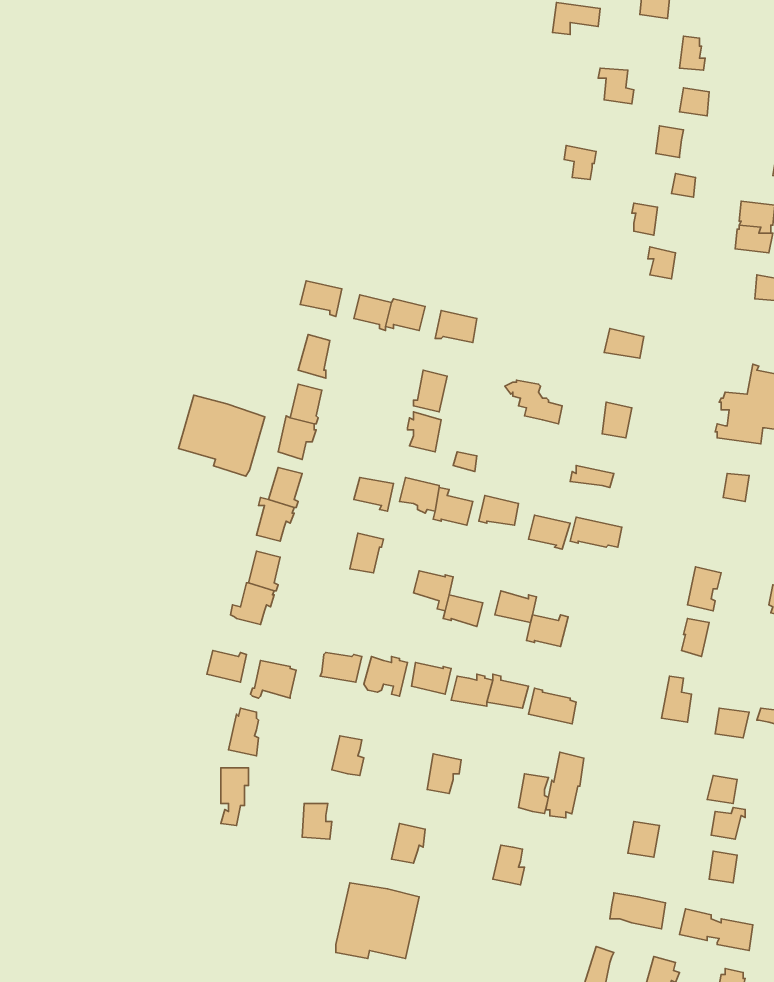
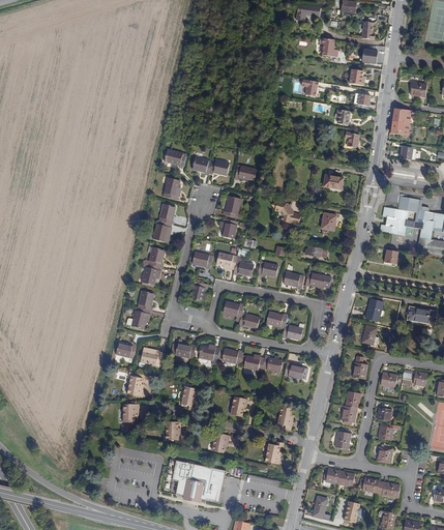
building: [179,395,265,476] -> none
building: [546,752,584,818] -> [341,390,360,424]
building: none -> [171,460,189,495]

